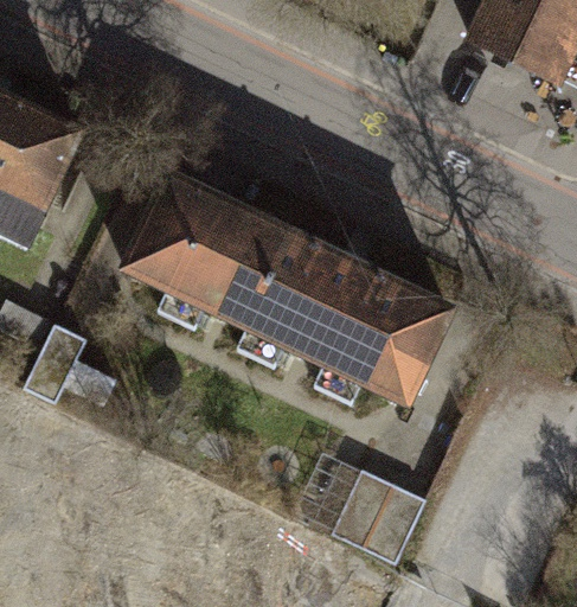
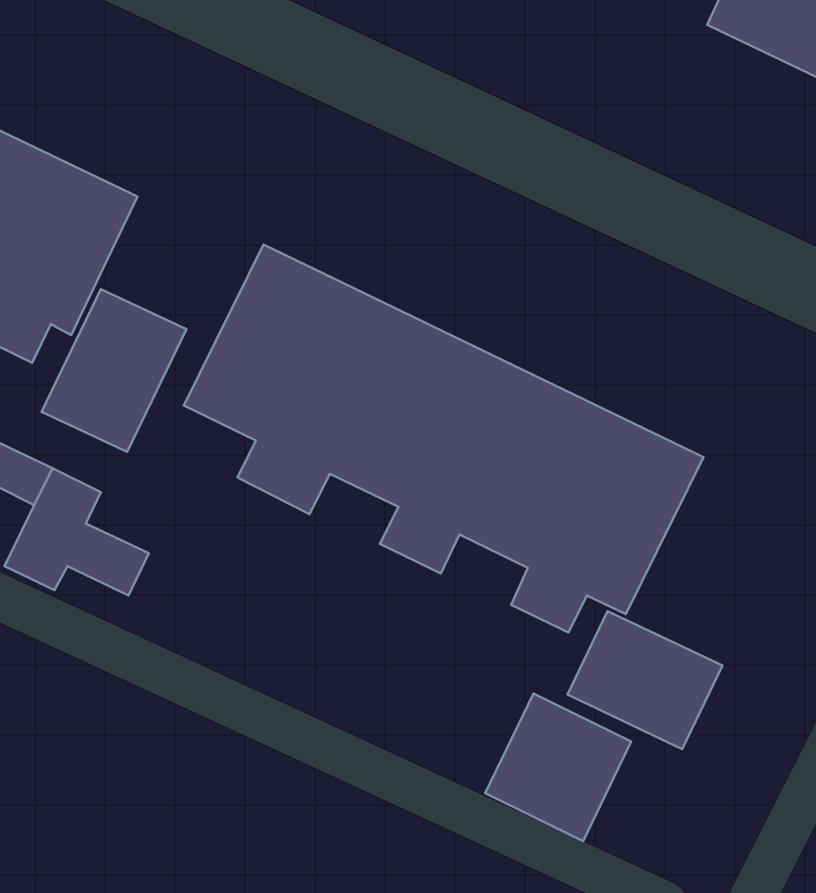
building: none -> [42,289,186,452]
building: none -> [567,611,722,749]

